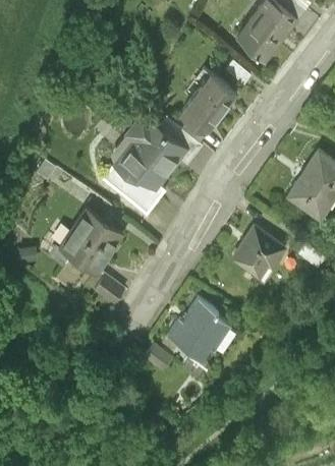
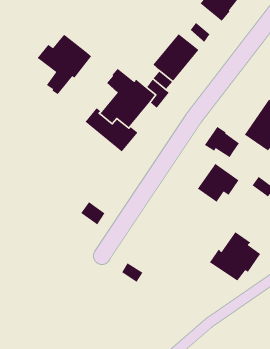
building: none -> [37,34,92,95]
building: none -> [204,126,241,162]
building: [57,208,121,272] -> none
building: [168,297,229,356] -> [209,231,261,282]

